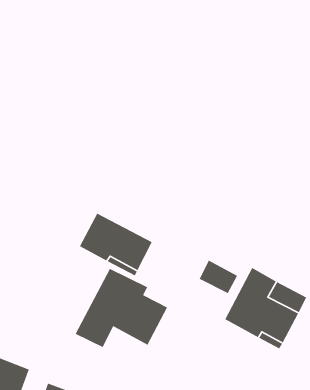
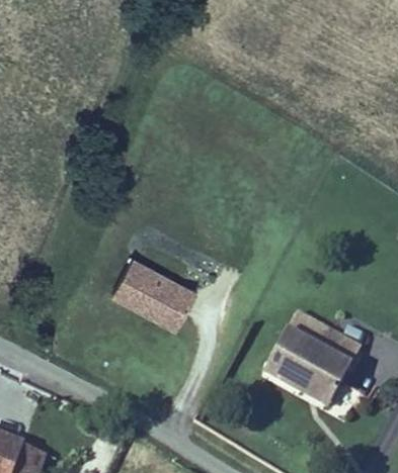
building: [199,260,238,294] -> none
building: [74,268,168,348] -> none

